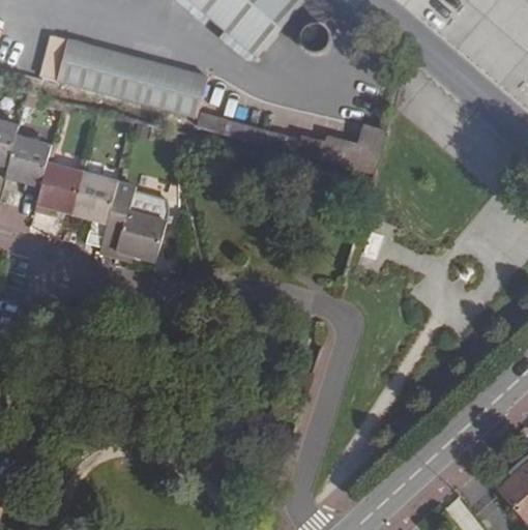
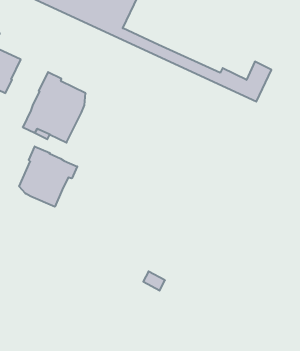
building: [70,171,117,230] -> none
building: none -> [19,146,77,207]

